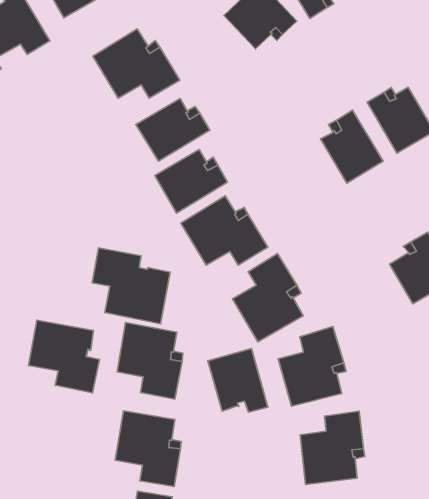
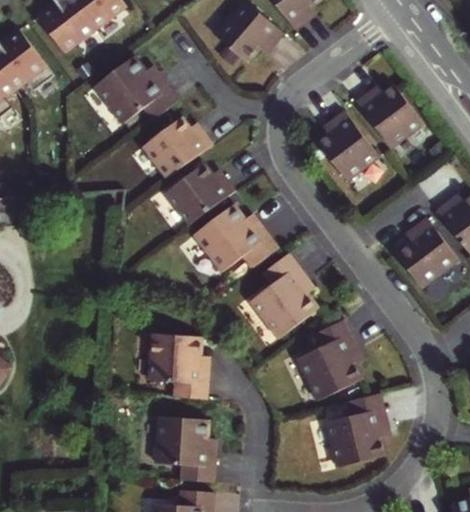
building: [92,248,170,324] -> none
building: [28,320,99,393] -> none
building: [208,348,268,412] -> none

